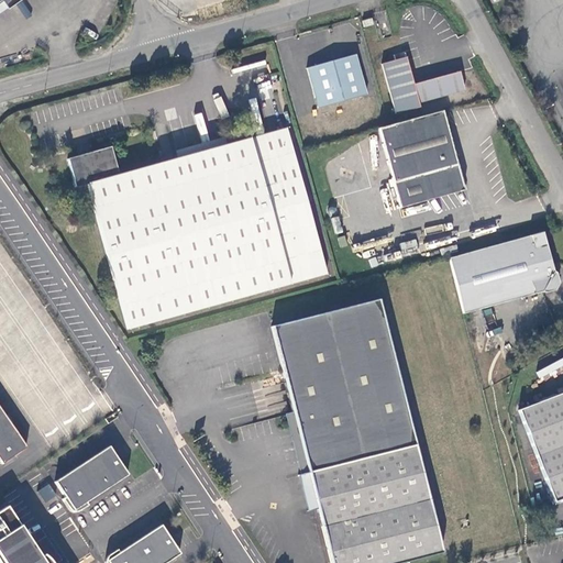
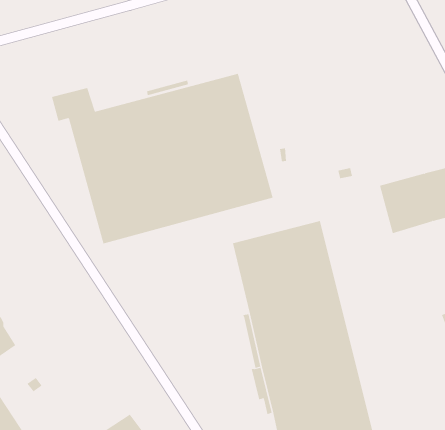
building: [309,54,371,107] -> none
building: [384,57,468,114] -> none
building: [380,110,468,206] -> none
building: [56,443,129,510] -> none

